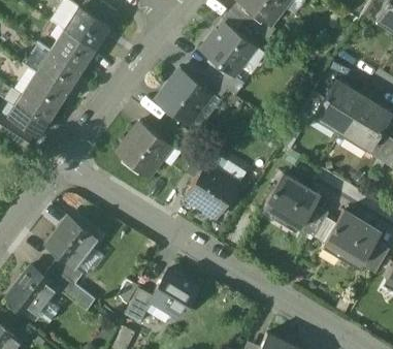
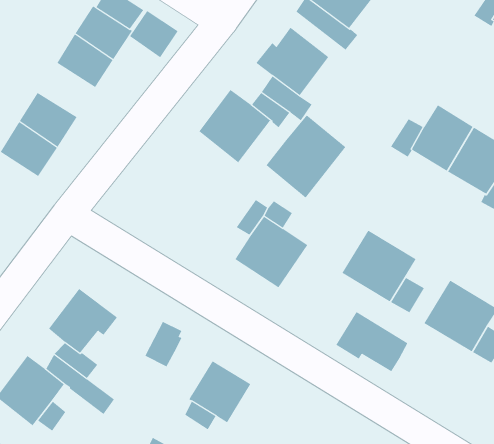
building: none -> [129,10,178,58]
building: [38,51,81,91] -> none
building: none -> [265,114,346,198]
building: [118,123,172,177] -> none
building: none -> [335,311,408,372]
building: [125,289,153,323] -> [145,321,182,367]

